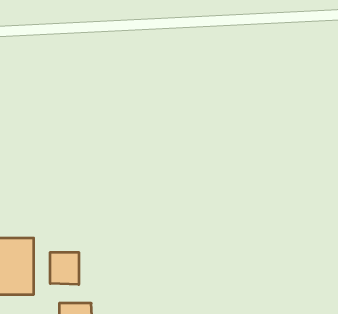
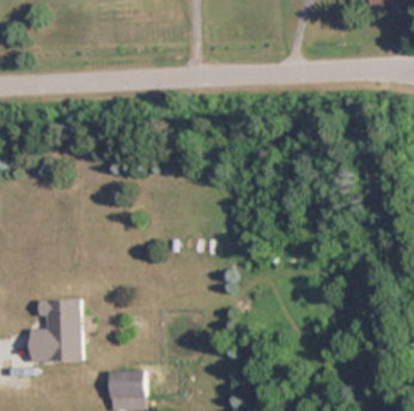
building: [50,252,79,285] -> none

